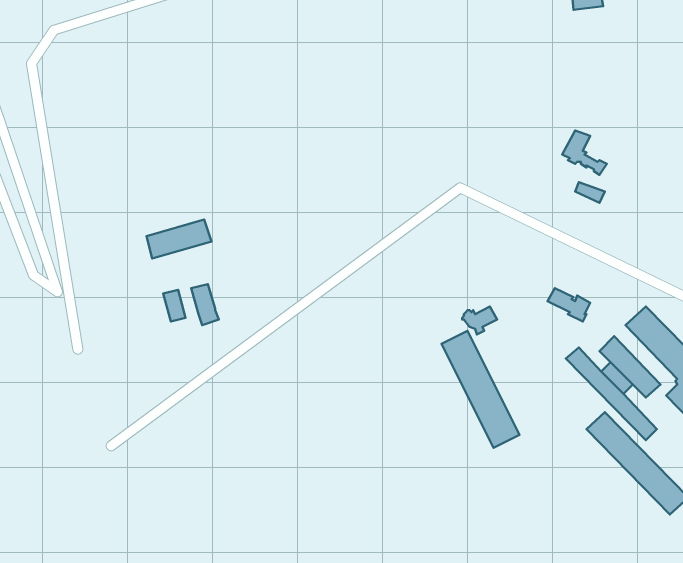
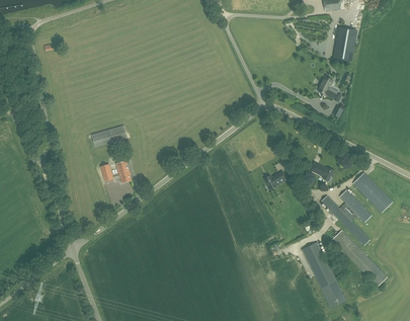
building: none -> [333,26,356,61]
building: [442,331,520,448] -> [302,242,344,306]

